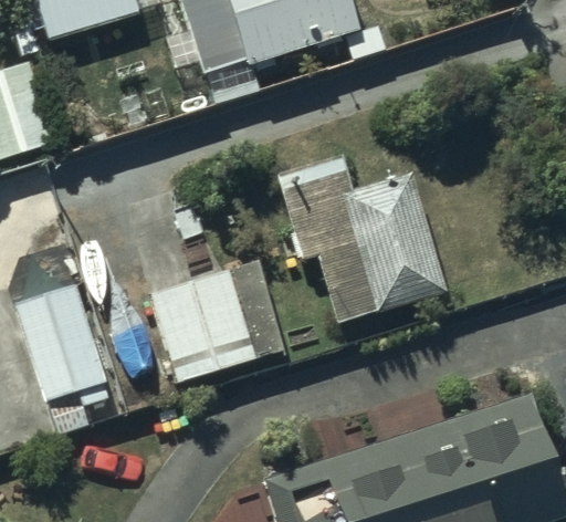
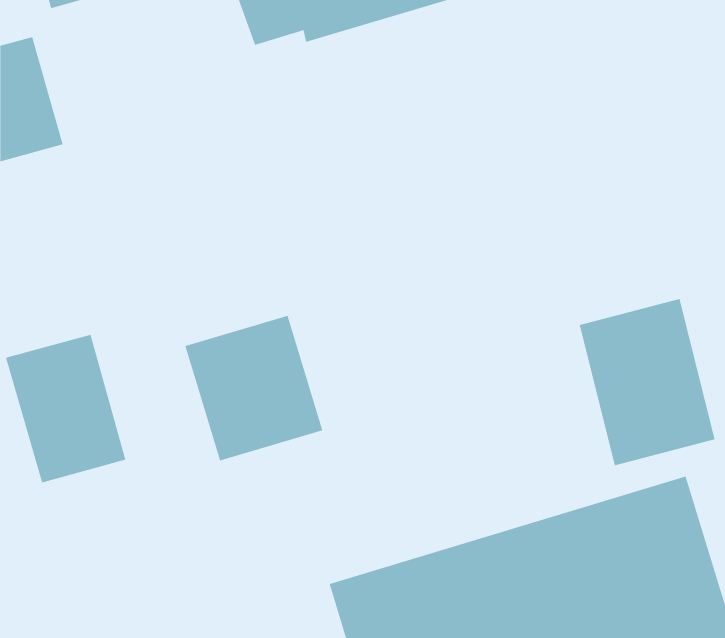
building: [277,147,443,323] -> none
building: none -> [579,298,715,466]

